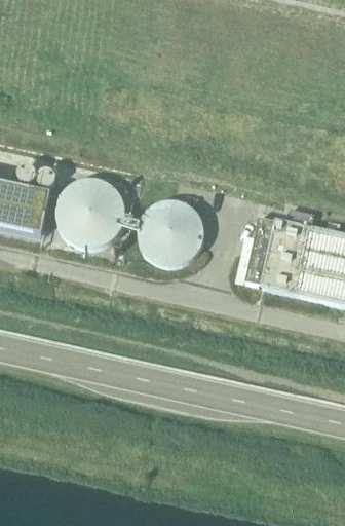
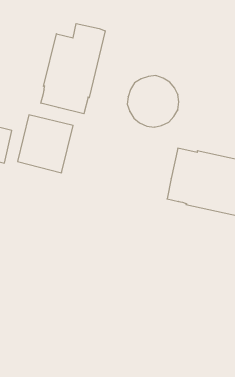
building: none -> [41,24,105,114]
building: [138,200,202,265] -> [127,76,179,127]

